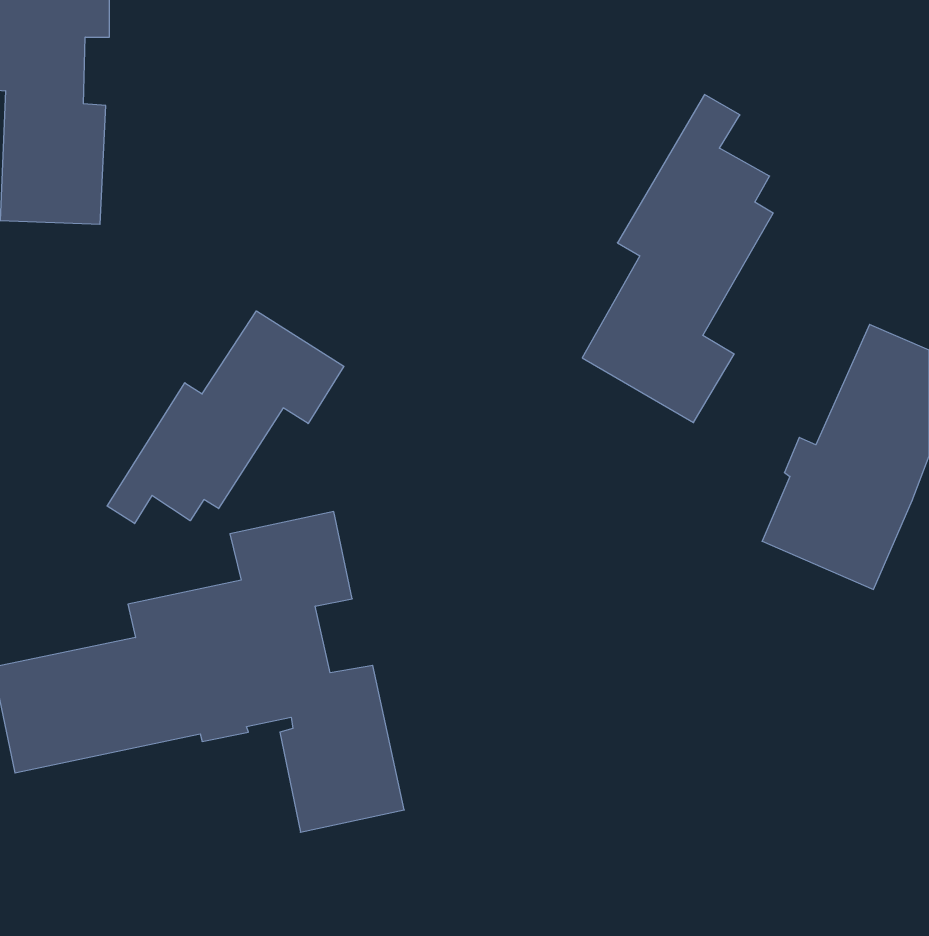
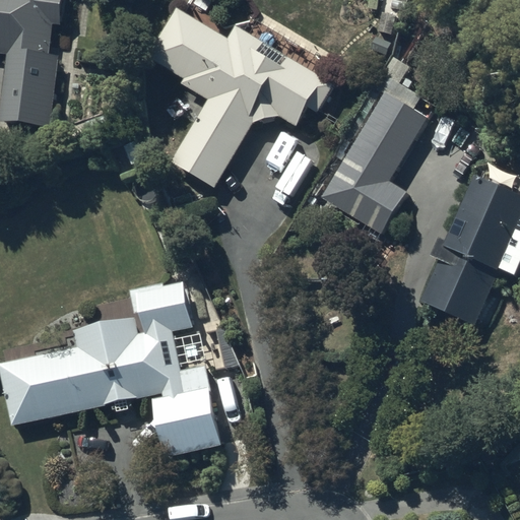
building: none -> [147,8,329,190]
building: [107,311,344,524] -> none

